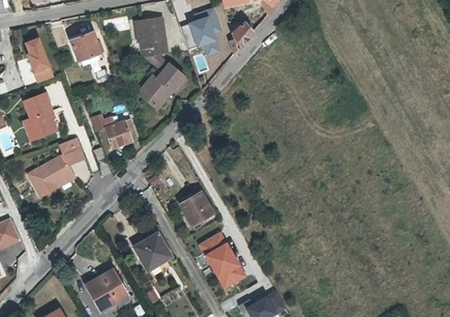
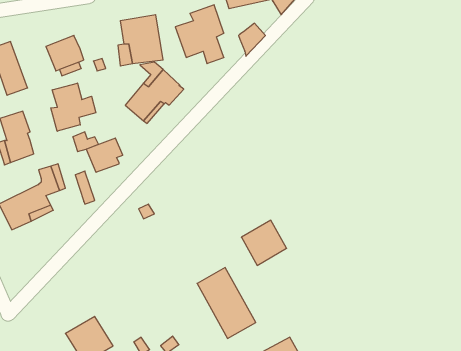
building: none -> [51,83,96,131]
building: [179,186,217,225] -> [241,220,287,265]
building: [132,228,175,270] -> none

